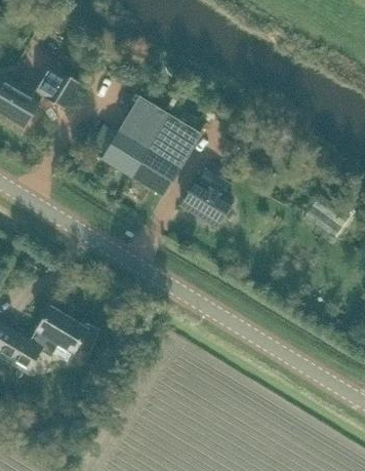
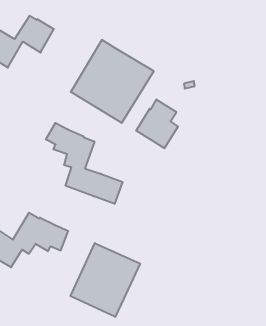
building: none -> [46,123,123,204]
building: none -> [70,243,140,317]

